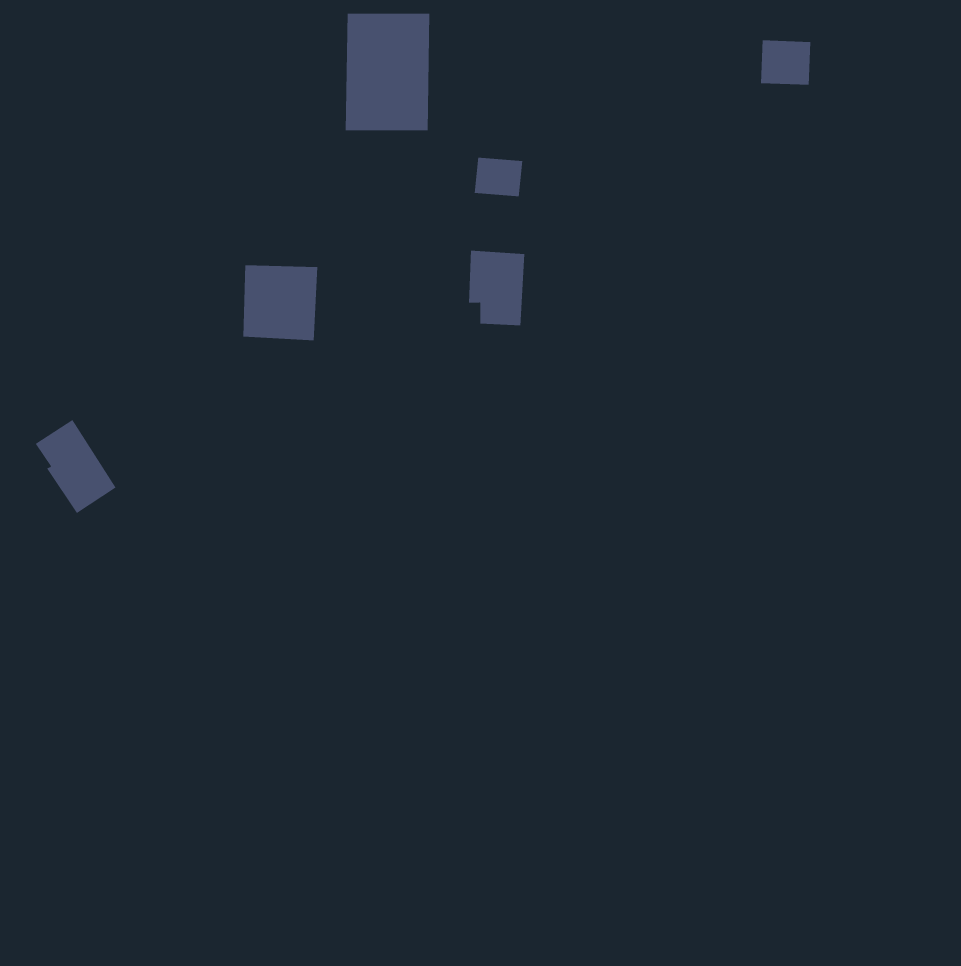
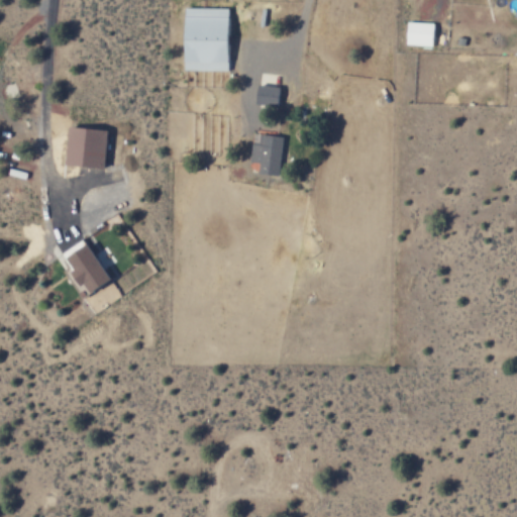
building: [242,265,318,341] -> [67,127,107,168]
building: [35,419,116,514] -> [69,244,112,295]

